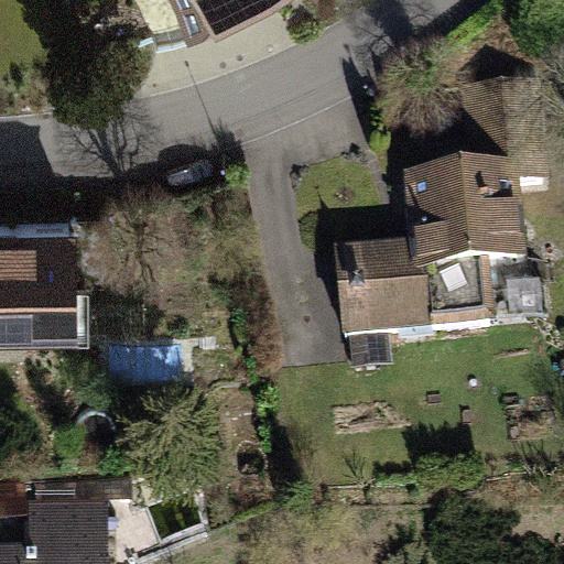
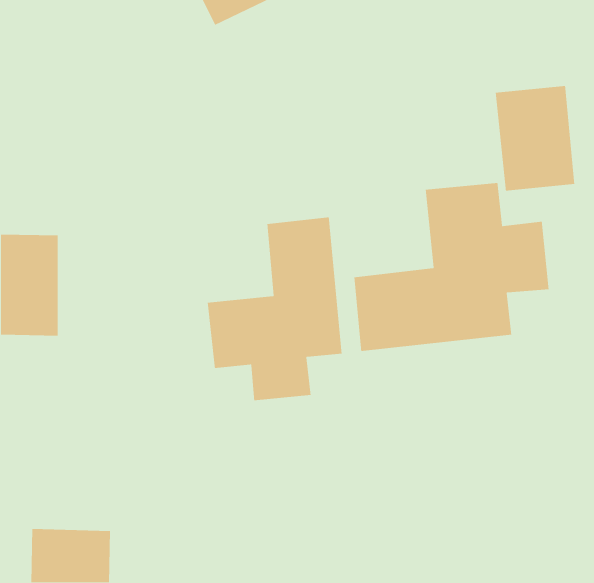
building: none -> [207,217,343,401]

